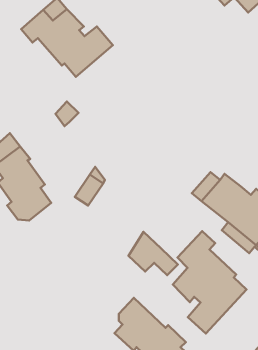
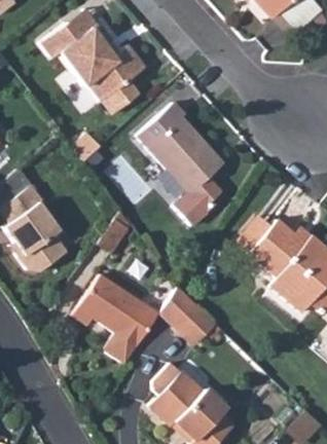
building: none -> [136,98,222,222]
building: none -> [72,274,159,366]
building: [173,231,247,334] -> none

